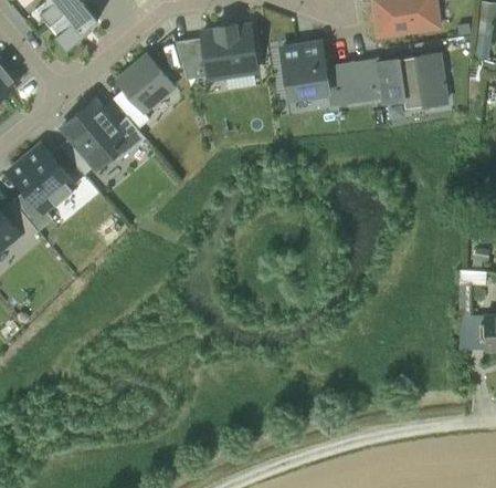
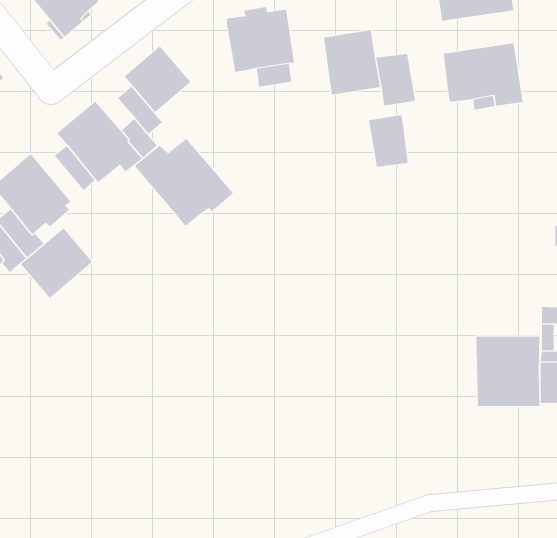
building: [176,38,208,79] -> none
building: [350,58,383,101] -> [368,115,409,167]
building: none -> [134,138,234,227]
building: none -> [20,227,93,299]
building: none -> [476,336,540,407]

